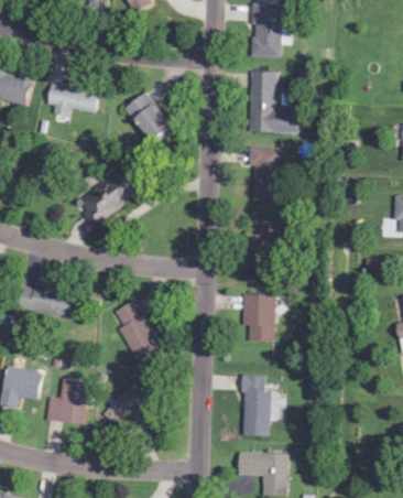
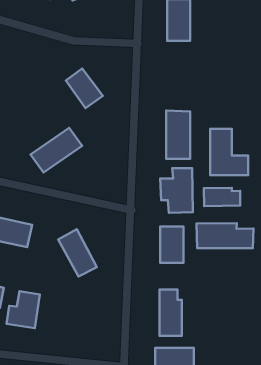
building: [250,73,298,132] -> [210,129,248,175]
building: [45,83,99,117] -> none
building: none -> [204,188,240,206]
building: none -> [197,223,253,248]
building: [102,377,155,431] -> none

